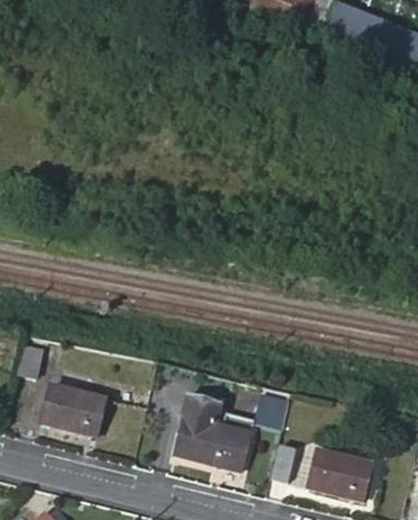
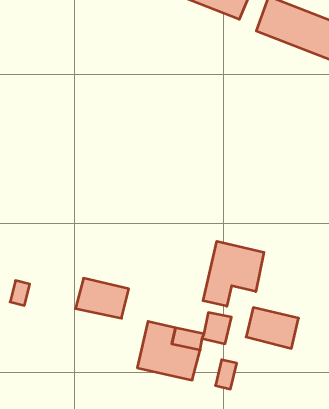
building: none -> [203,241,264,306]
building: [40,385,105,434] -> [75,278,129,318]
building: [307,449,371,499] -> [246,308,299,348]

